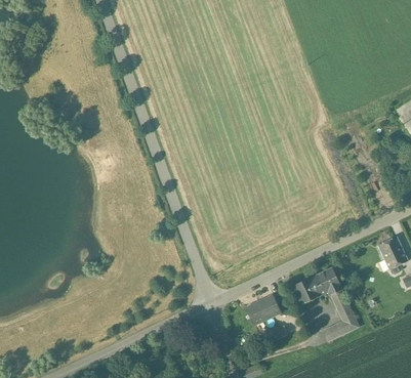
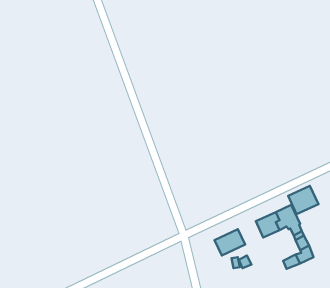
building: none -> [288,186,318,214]

